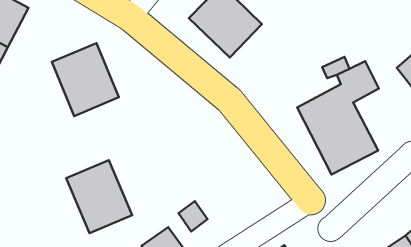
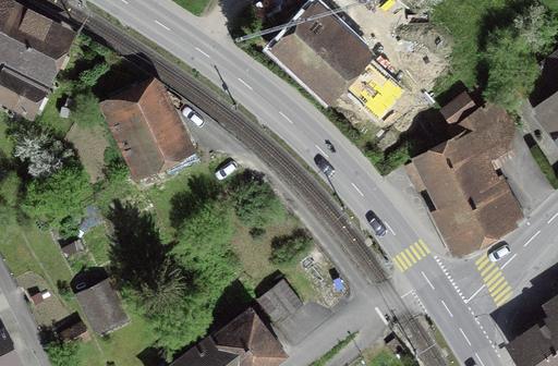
building: [66,160,132,233] -> none
building: none -> [75,282,118,325]

